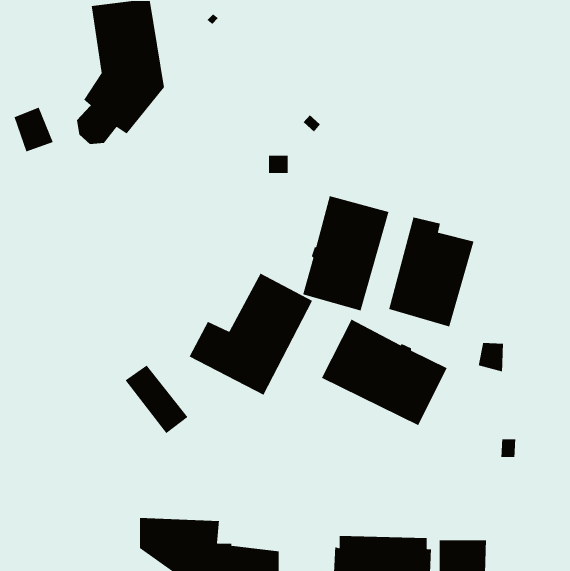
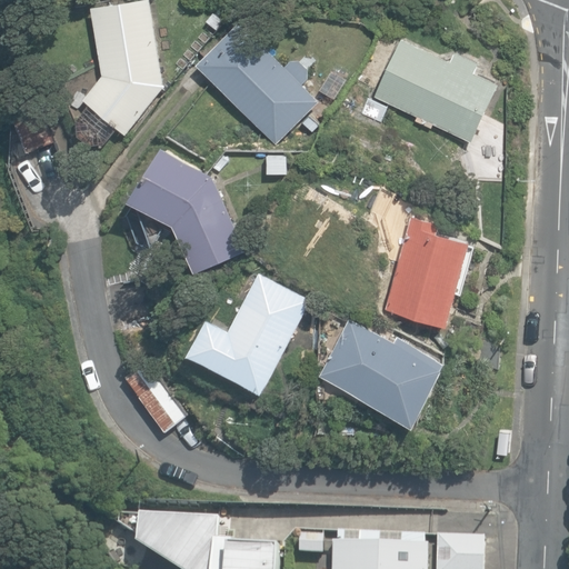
building: none -> [196,22,318,146]
building: none -> [373,38,498,142]
building: none -> [130,144,244,273]
building: [302,195,390,311] -> none

